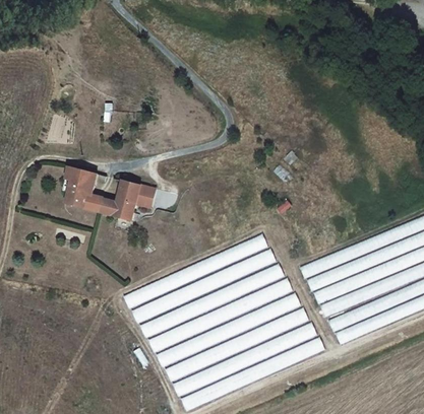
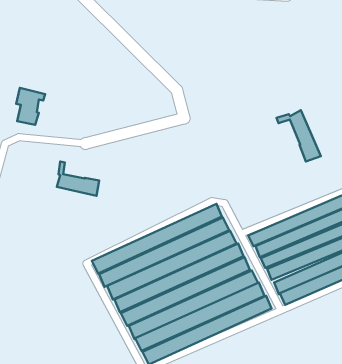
building: none -> [276,110,321,162]
building: [62,169,95,211] -> [16,88,45,125]
building: [115,182,150,208] -> none

